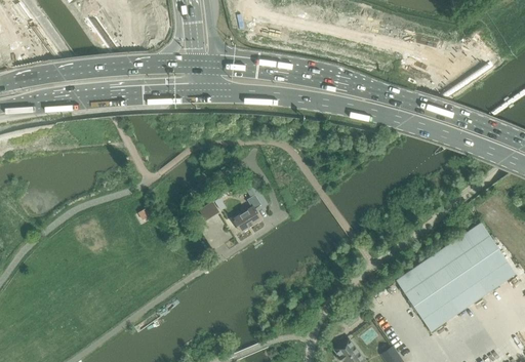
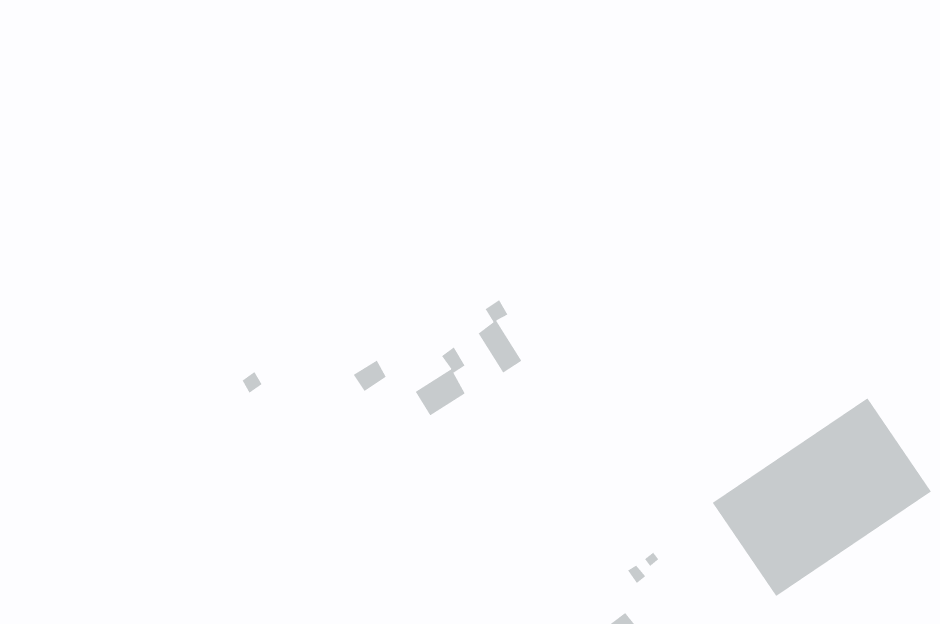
building: none -> [478,299,522,374]

